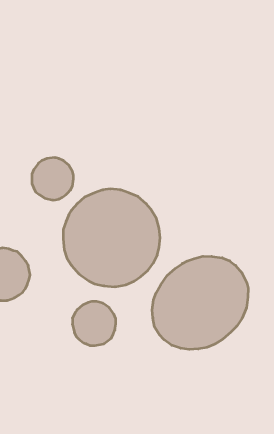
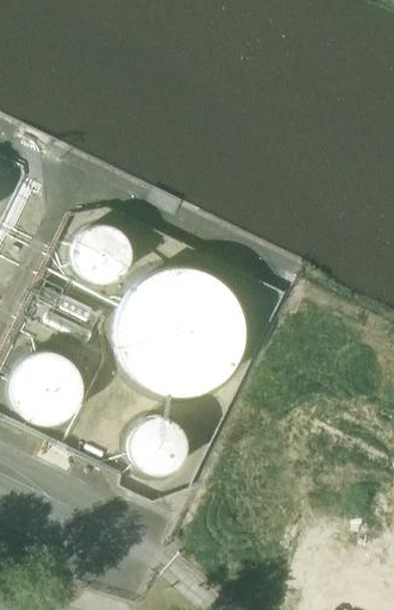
building: [152,256,248,349] -> none

